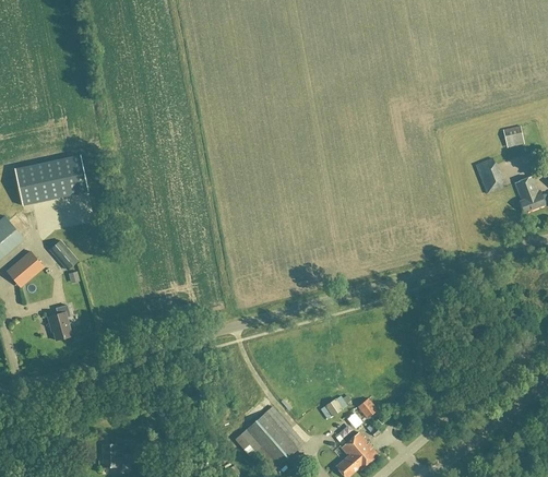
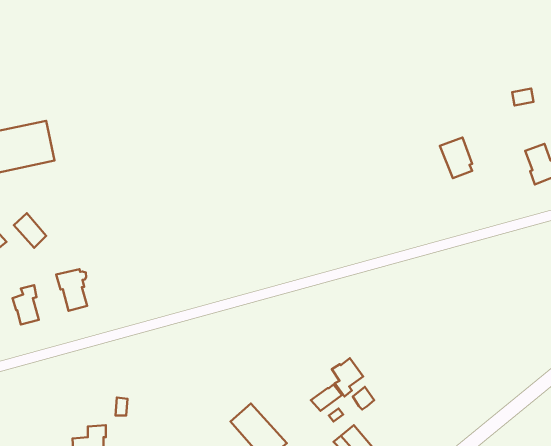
building: [474,157,503,194] -> [440,137,472,178]
building: none -> [56,269,87,311]
building: none -> [332,358,363,397]

